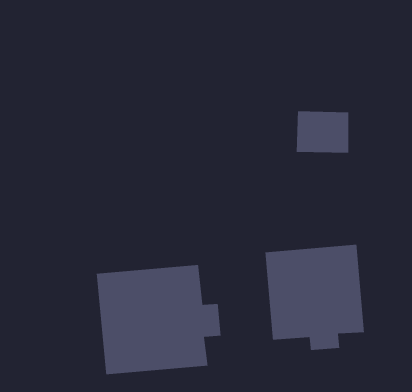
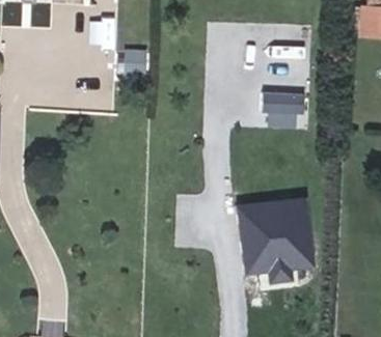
building: [96,264,221,375] -> none

